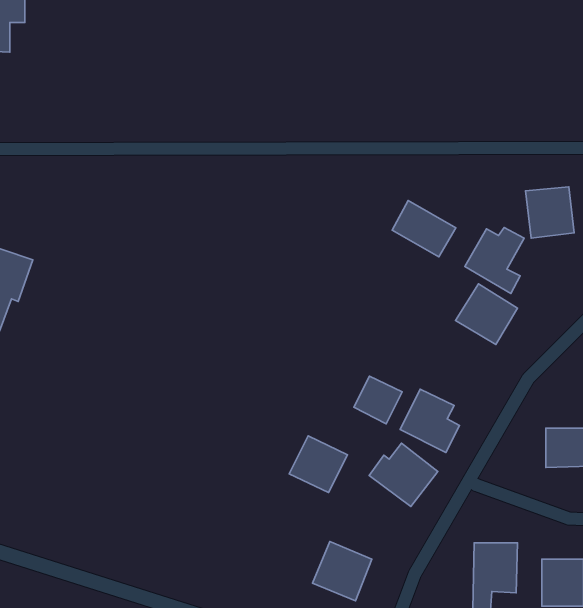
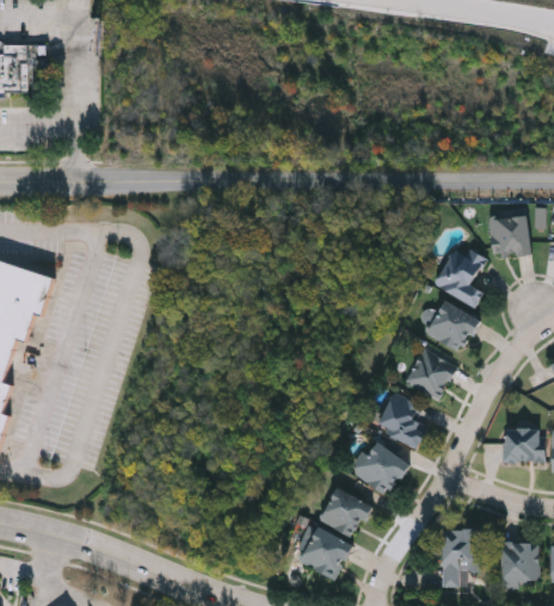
building: [392,201,456,257] -> none
building: none -> [406,348,455,398]
building: [354,376,402,424] -> none
building: [289,436,347,493] -> [319,488,370,538]

